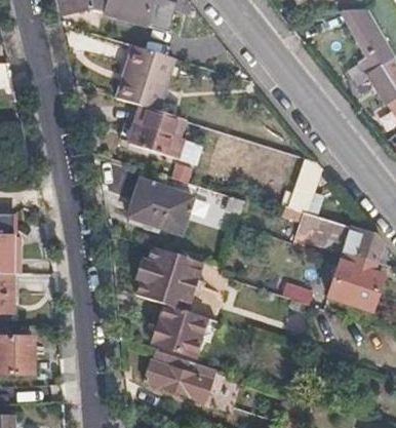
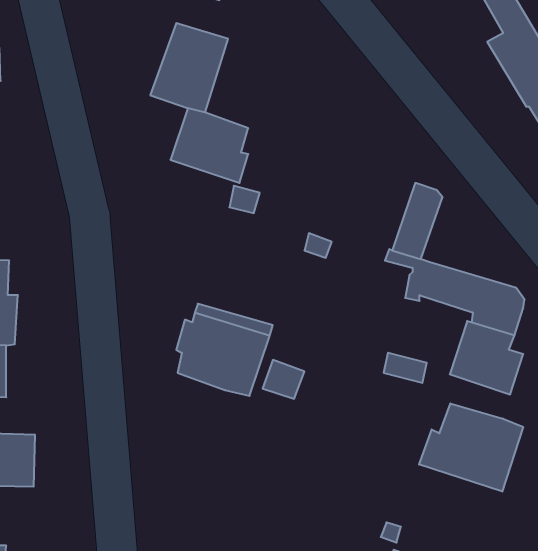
building: [127,181,192,232] -> none
building: [154,307,207,358] -> none
building: none -> [419,403,523,492]
building: [145,350,215,403] -> none

